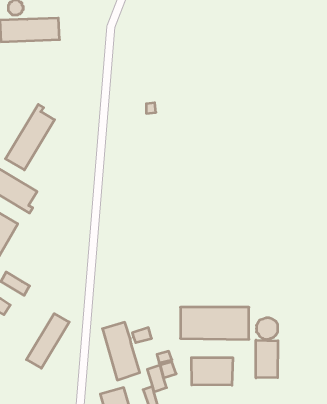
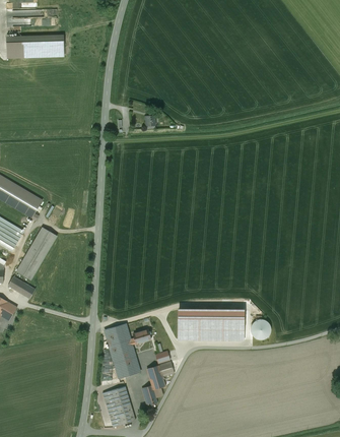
building: [5,104,55,170] -> none
building: [26,314,69,368] -> [16,228,57,279]
building: [256,340,278,378] -> none
building: [191,358,233,385] -> none

